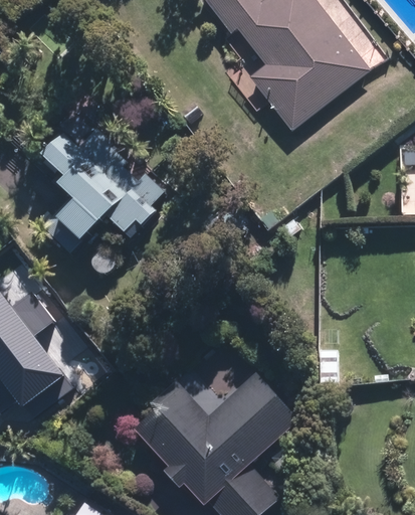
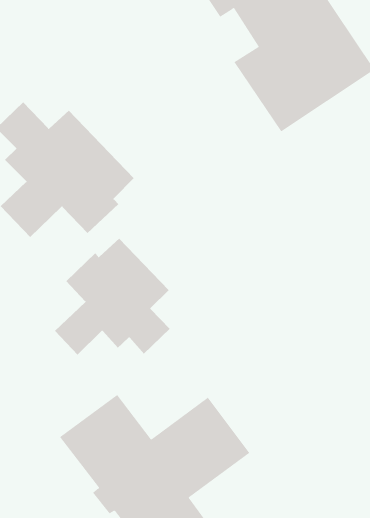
building: none -> [54,238,170,355]

